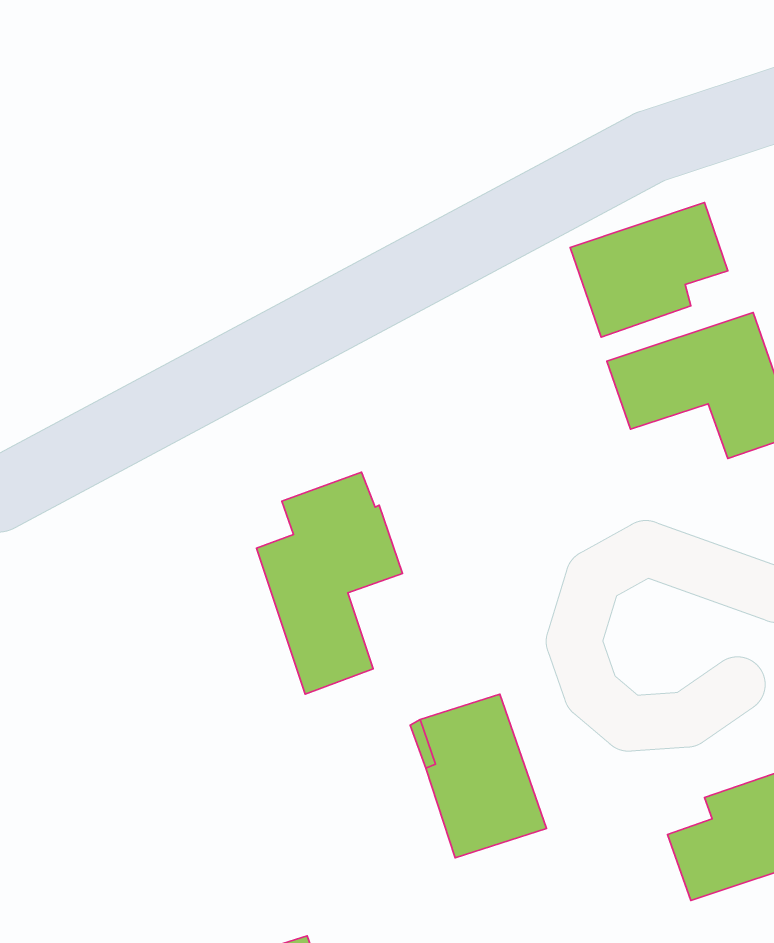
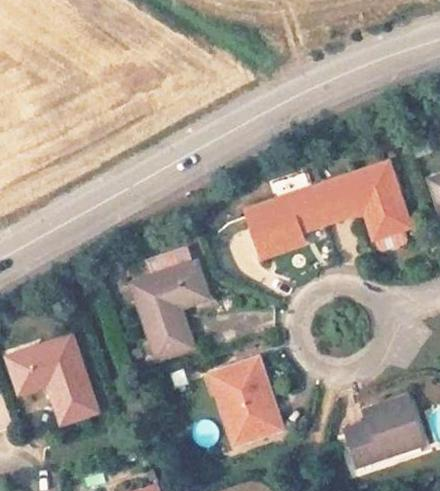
building: [570,203,728,337] -> [244,188,325,257]
building: none -> [9,336,97,423]

